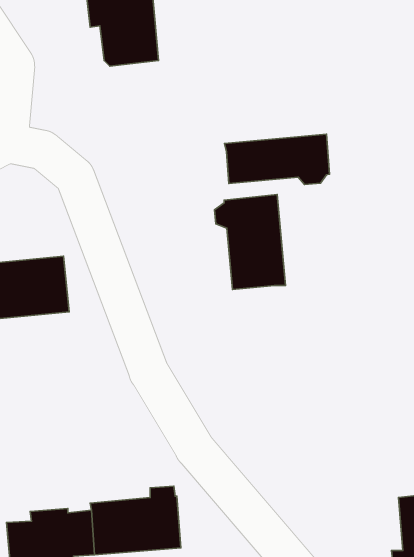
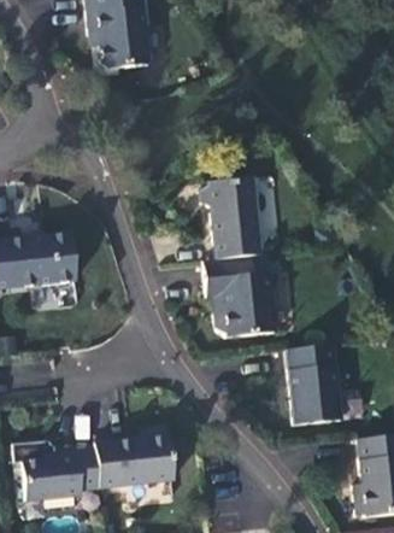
building: [224,134,330,185] -> none
building: none -> [205,256,277,336]
building: none -> [290,345,346,424]

